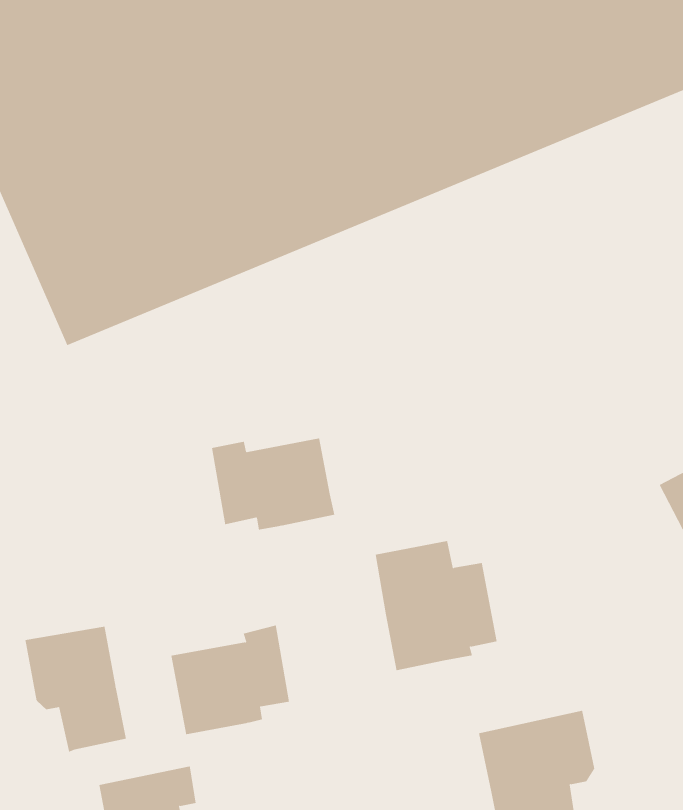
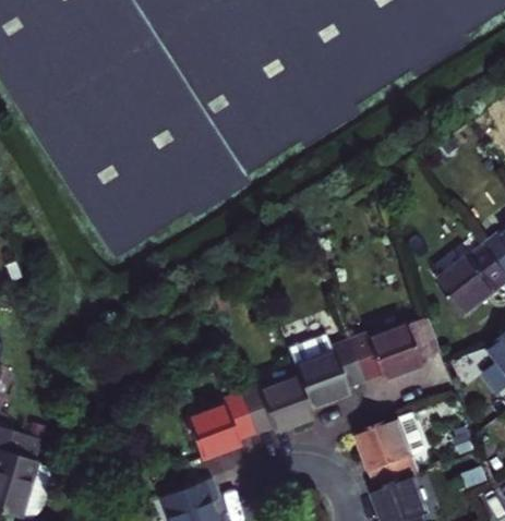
building: [211,438,335,530] -> [242,377,315,433]
building: none -> [348,318,442,381]
building: [25,626,126,752] -> none

